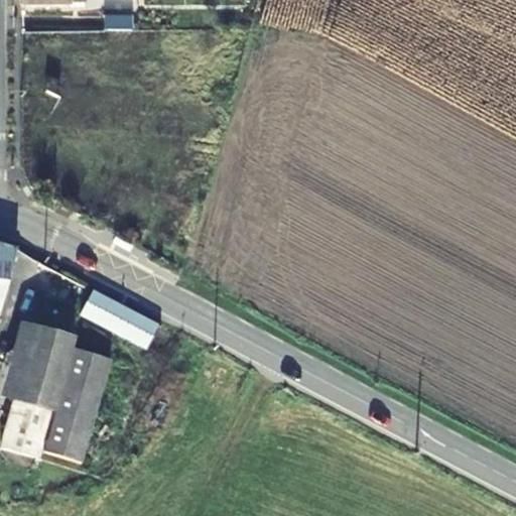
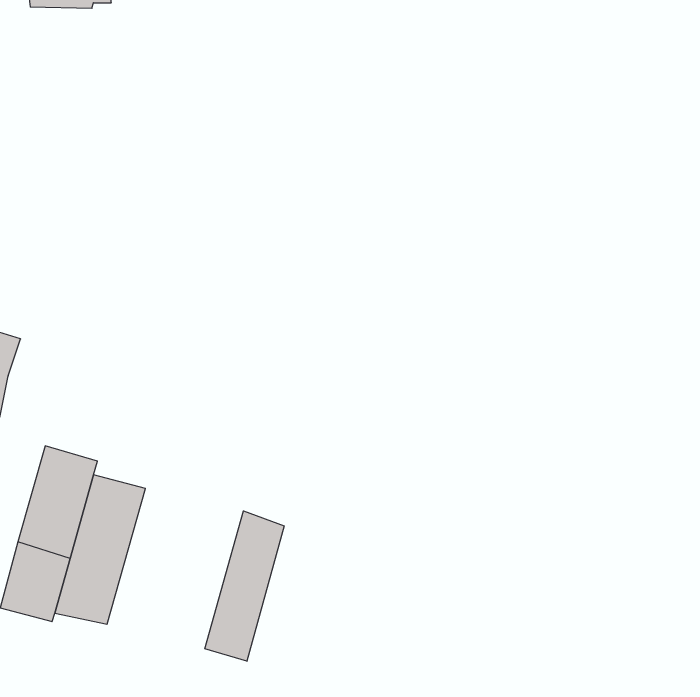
building: [81,287,159,343] -> none
building: none -> [205,511,284,661]

